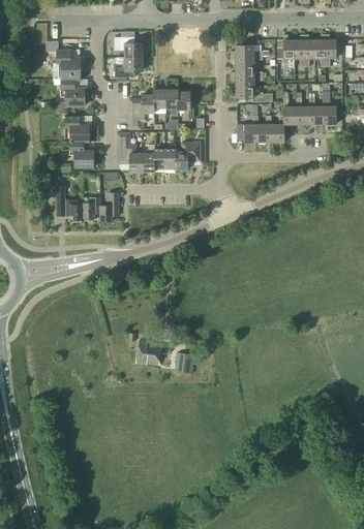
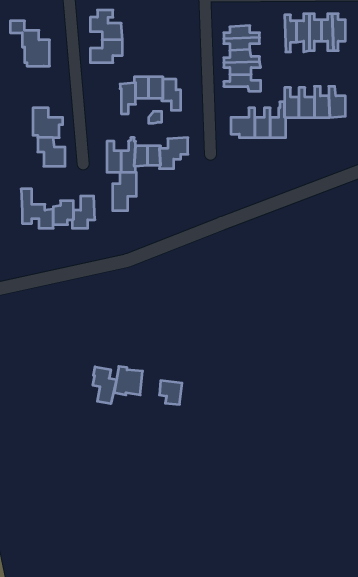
building: [60,80,86,105] -> none
building: none -> [113,172,136,211]
building: none -> [93,367,116,404]

